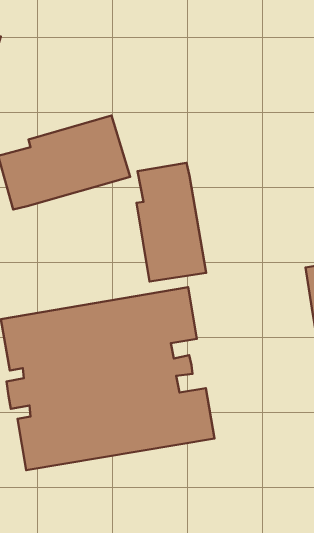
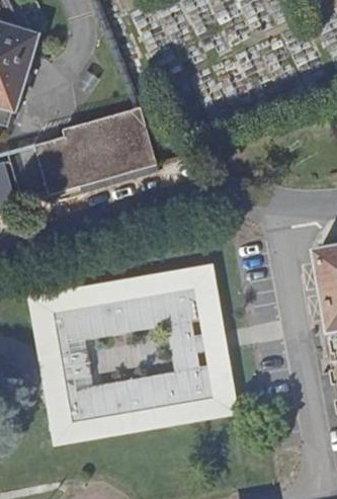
building: [136,163,206,282] -> none

